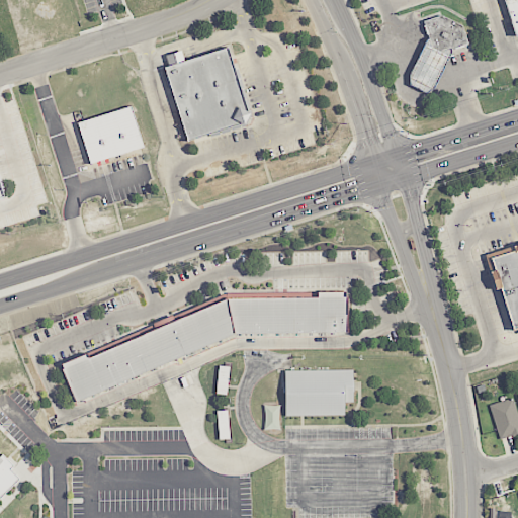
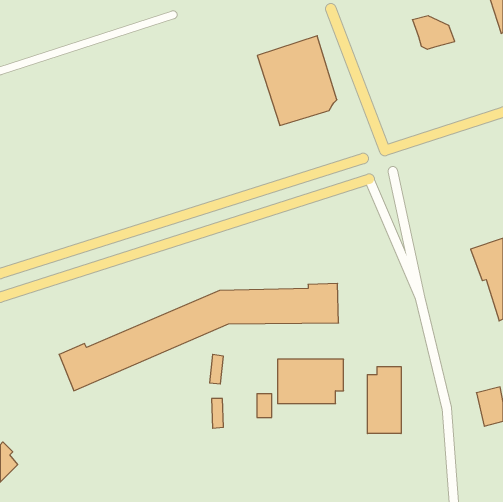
building: [410,37,450,91] -> none
building: [167,47,249,139] -> [257,36,337,125]
building: [78,105,144,163] -> none
building: none -> [367,367,401,434]

